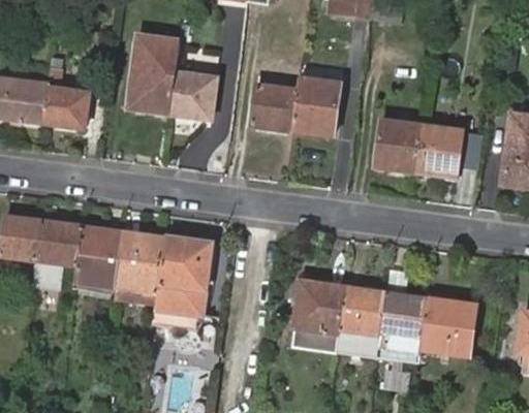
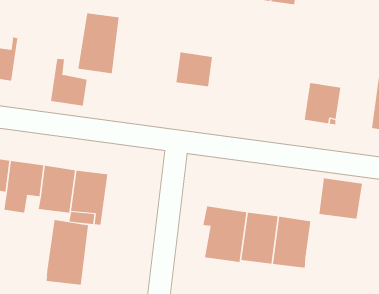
building: [43,66,91,127] -> [50,58,87,106]
building: [172,70,220,117] -> none
building: [294,76,344,133] -> none
building: [375,117,423,170] -> none
building: [156,240,211,323] -> [46,220,89,285]
building: [418,299,475,352] -> [318,178,363,219]

